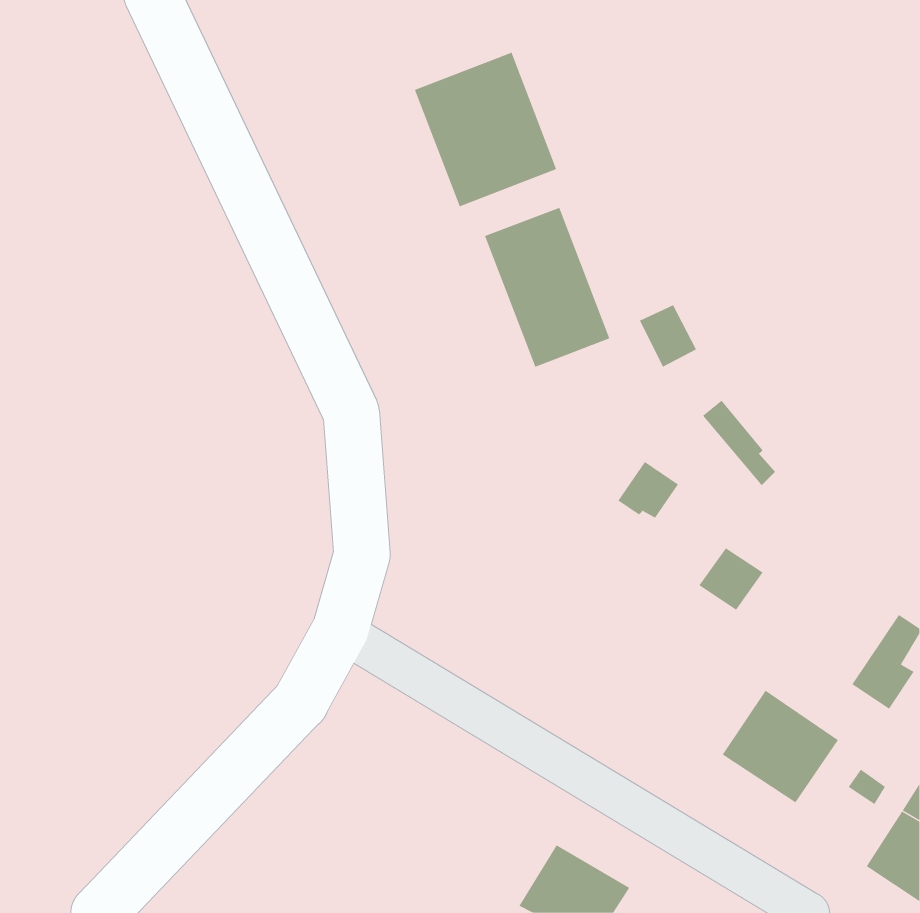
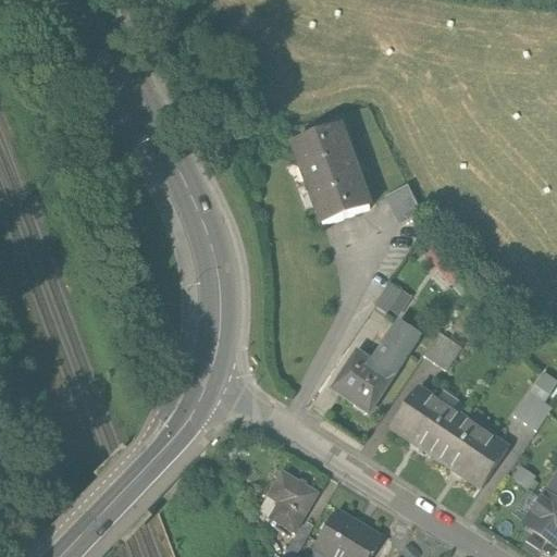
building: [414,52,557,207] -> none
building: none -> [336,321,419,412]
building: none -> [392,387,462,456]
building: none -> [268,472,317,532]

